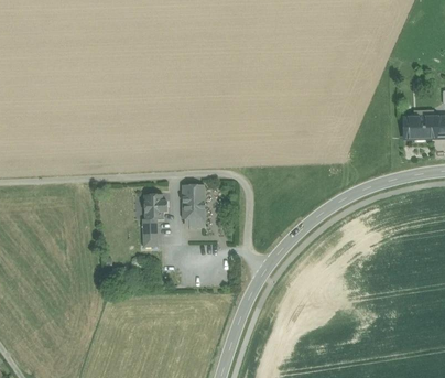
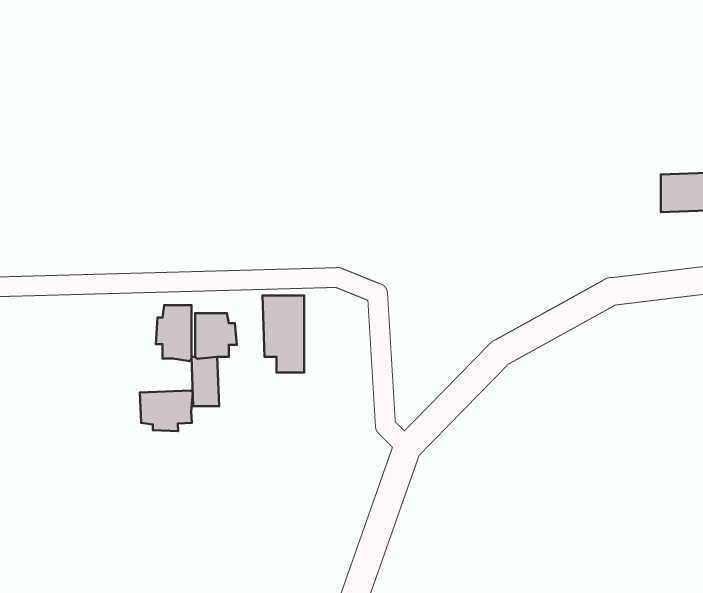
building: none -> [156,305,191,361]
building: none -> [140,391,193,431]

